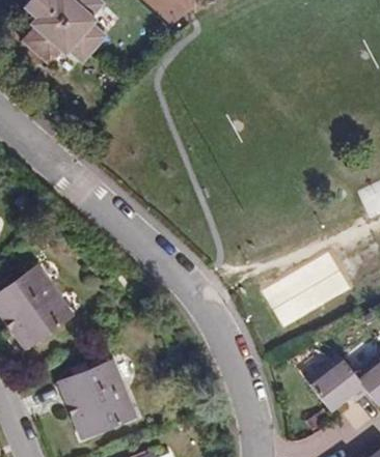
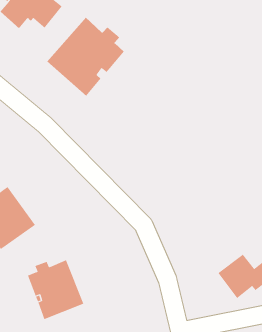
building: none -> [47,17,125,97]

